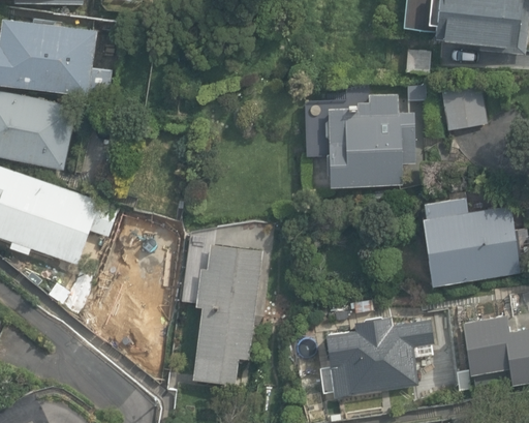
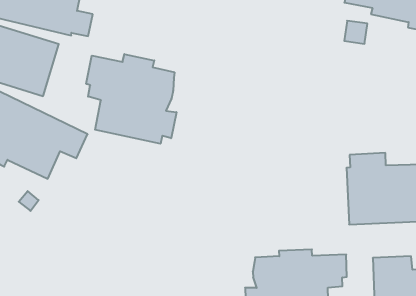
building: [442,85,488,130] -> none
building: [305,94,415,186] -> none
building: none -> [86,54,176,144]
building: [186,244,262,382] -> none

